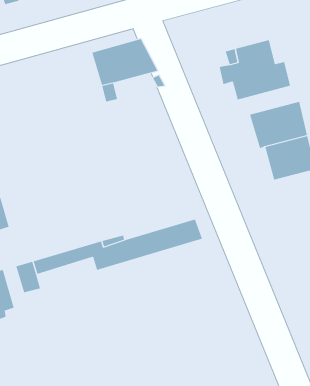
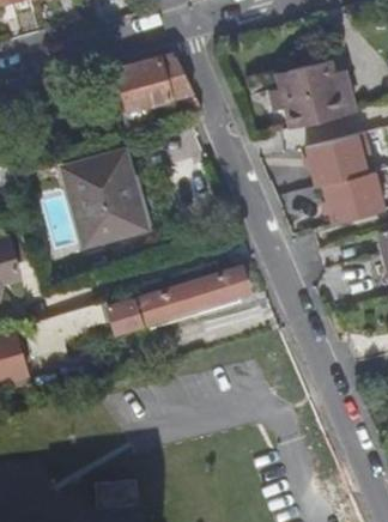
building: none -> [63,153,147,247]

